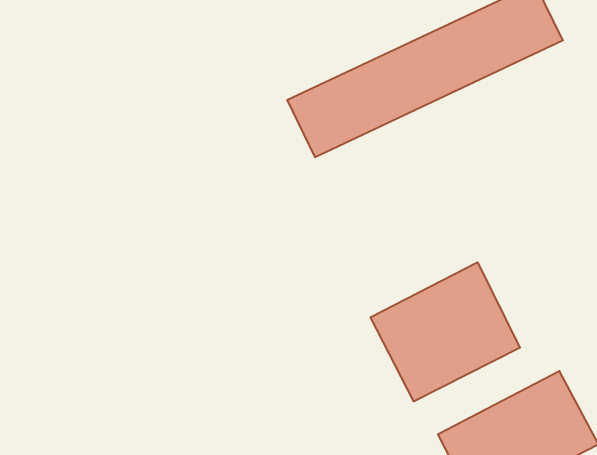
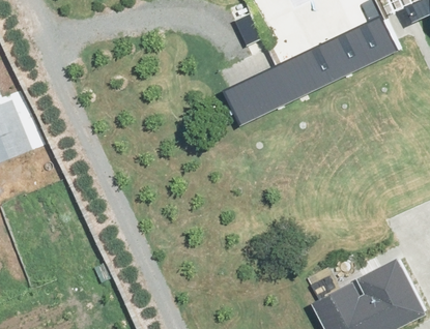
building: [370,262,520,401] -> none

